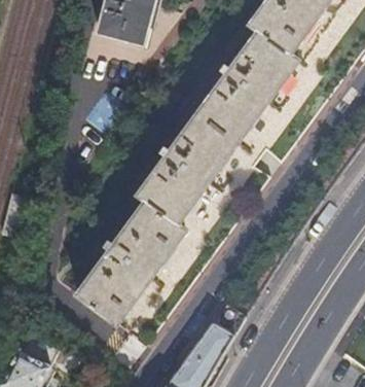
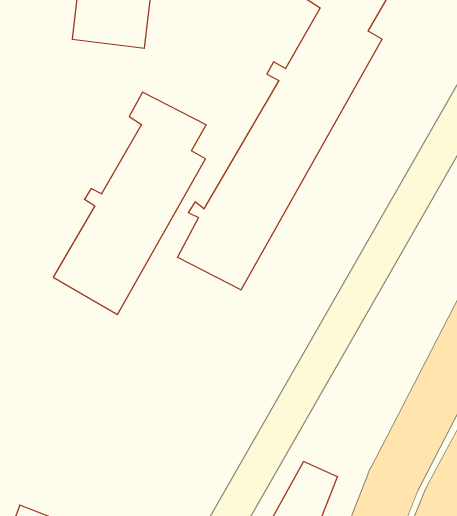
building: [77,183,186,323] -> [53,92,206,315]

